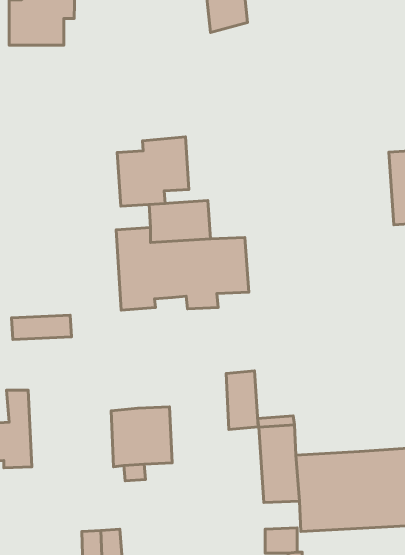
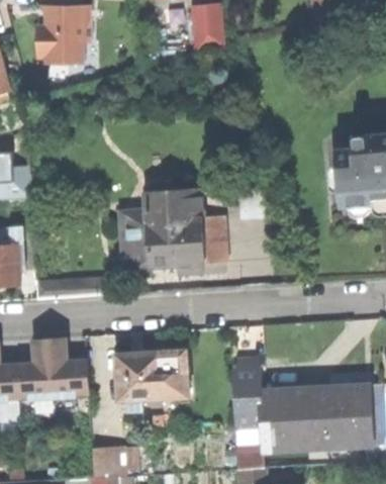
building: [117,137,189,206] -> none
building: [226,371,258,430] -> [163,349,188,395]
building: none -> [51,336,90,398]

